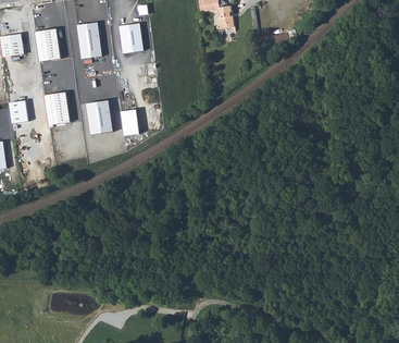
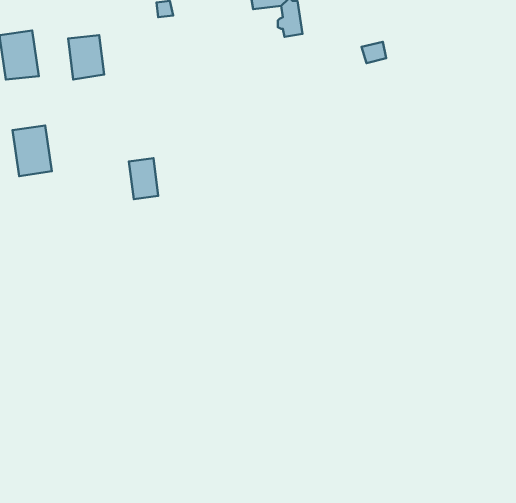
building: [122,23,145,52] -> none
building: [85,101,113,136] -> none

